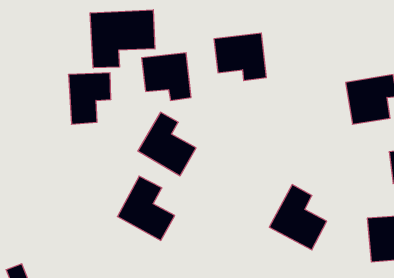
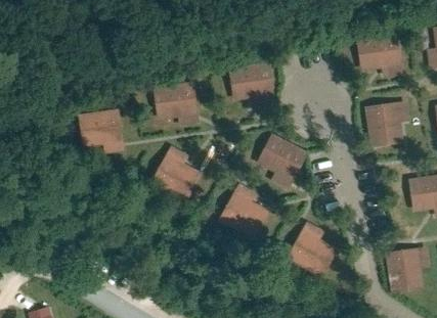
building: none -> [356,31,406,78]
building: [90,10,155,68] -> none
building: none -> [258,131,315,192]
building: [117,176,175,240] -> [213,175,272,241]

